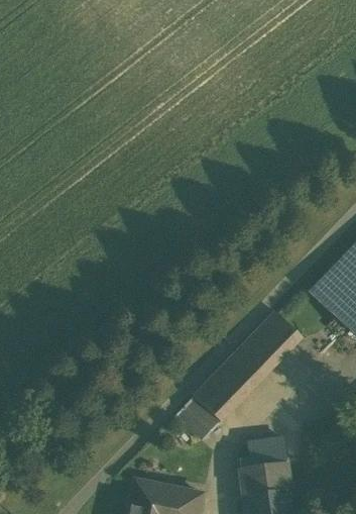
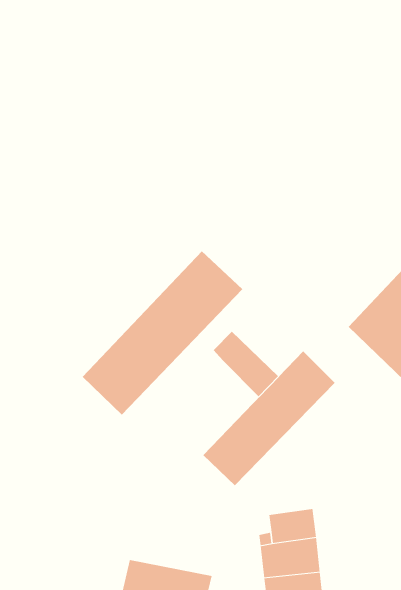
building: none -> [82,251,243,415]
building: none -> [213,331,279,397]
building: [175,396,220,440] -> none

